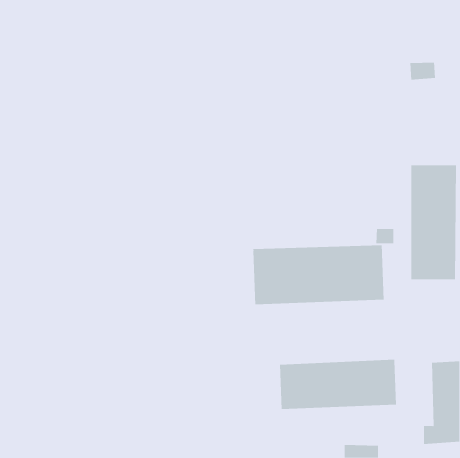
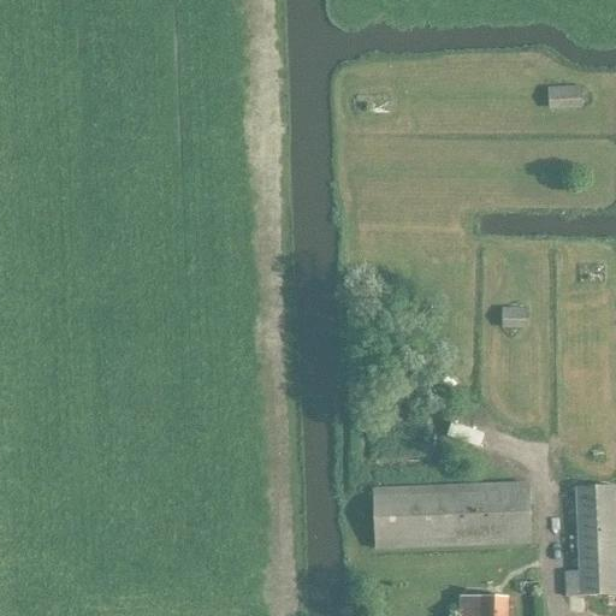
building: [411,164,456,280] -> none
building: [253,245,384,305] -> none

